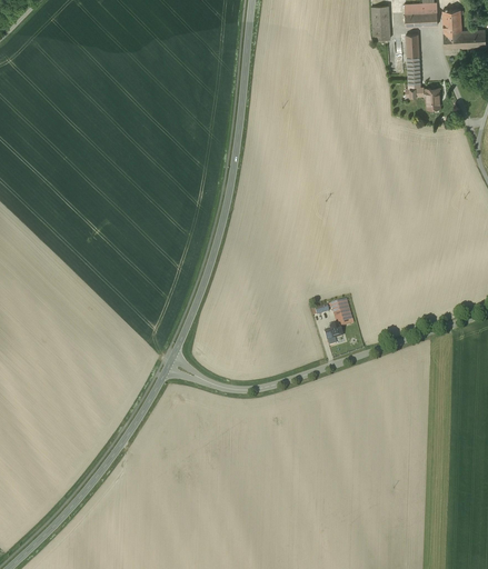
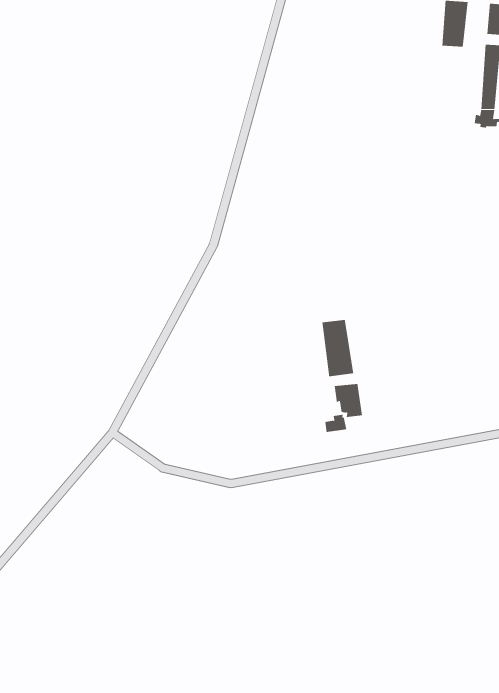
building: none -> [322,319,354,377]

